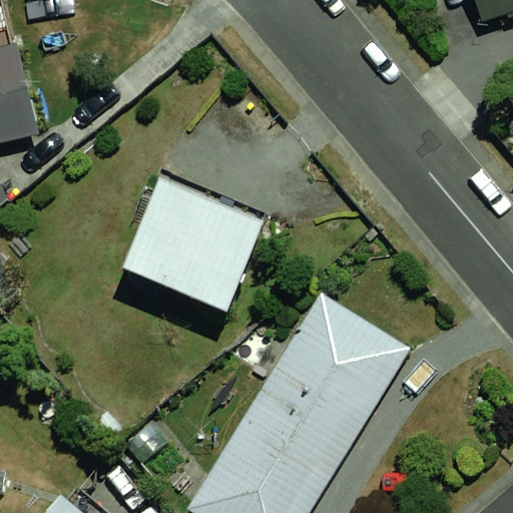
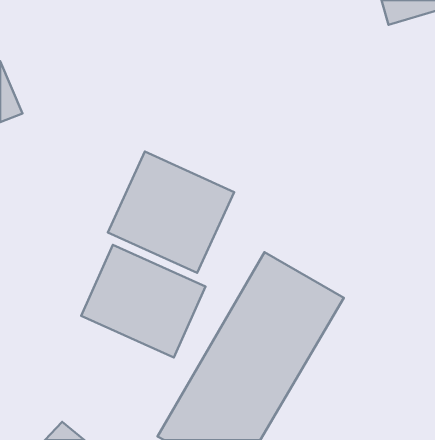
building: none -> [81,245,205,358]

